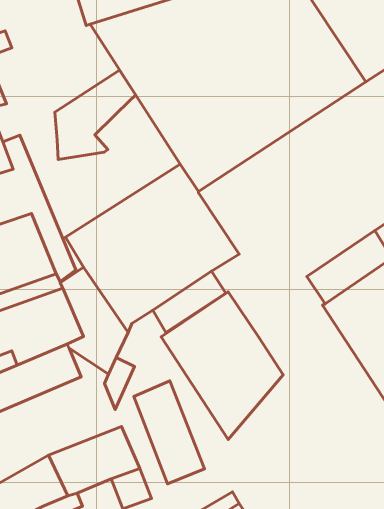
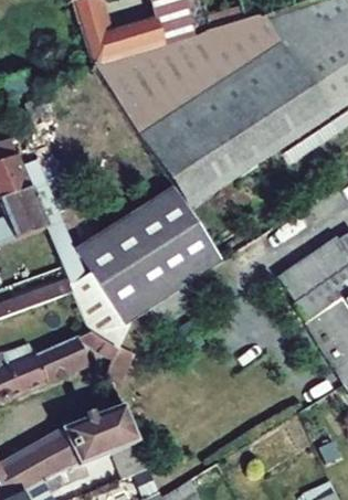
building: [55,70,136,160] -> none
building: [161,292,283,440] -> none
building: [134,381,205,484] -> none

